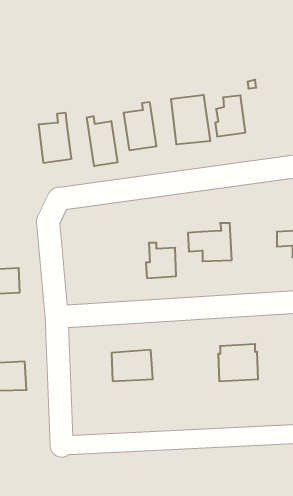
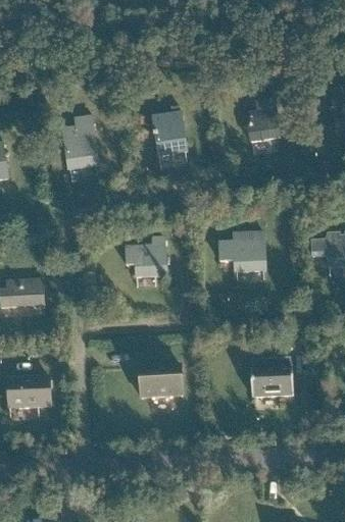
building: [171,95,210,145] -> none
building: [87,116,117,166] -> none
building: [146,243,176,278] -> [135,242,166,278]

